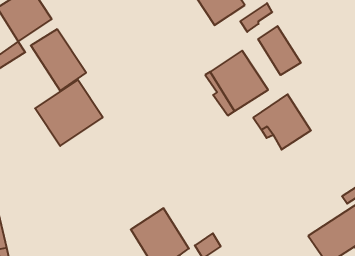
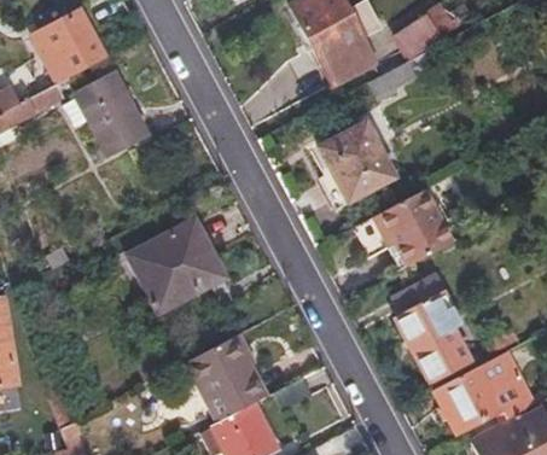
building: [258,26,301,75] -> none
building: [35,80,103,146] -> [129,222,222,311]
building: none -> [392,268,470,381]

